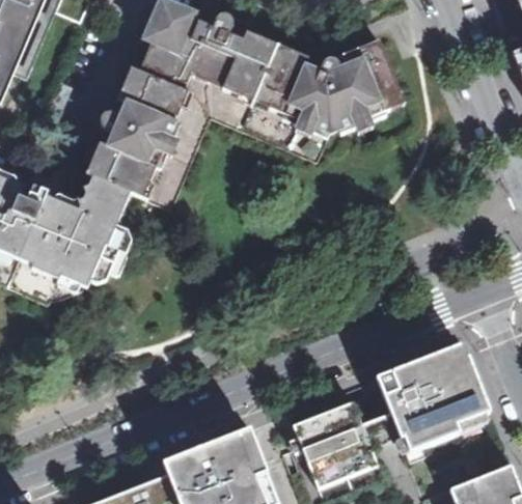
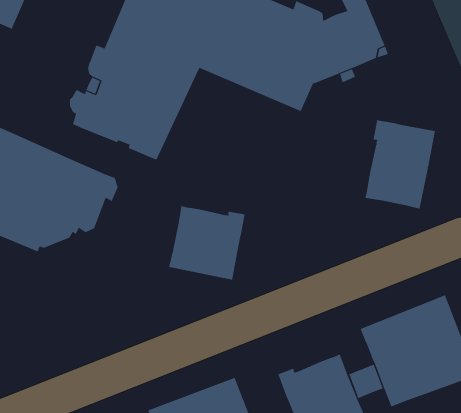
building: none -> [365,119,436,210]
building: [81,175,131,222] -> none
building: none -> [169,205,245,280]

